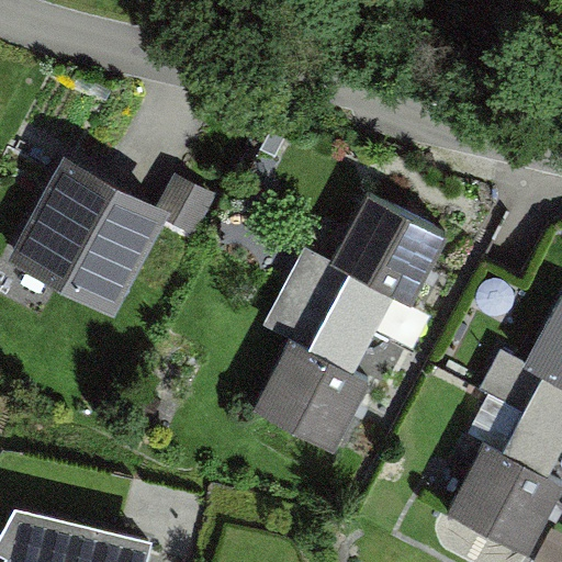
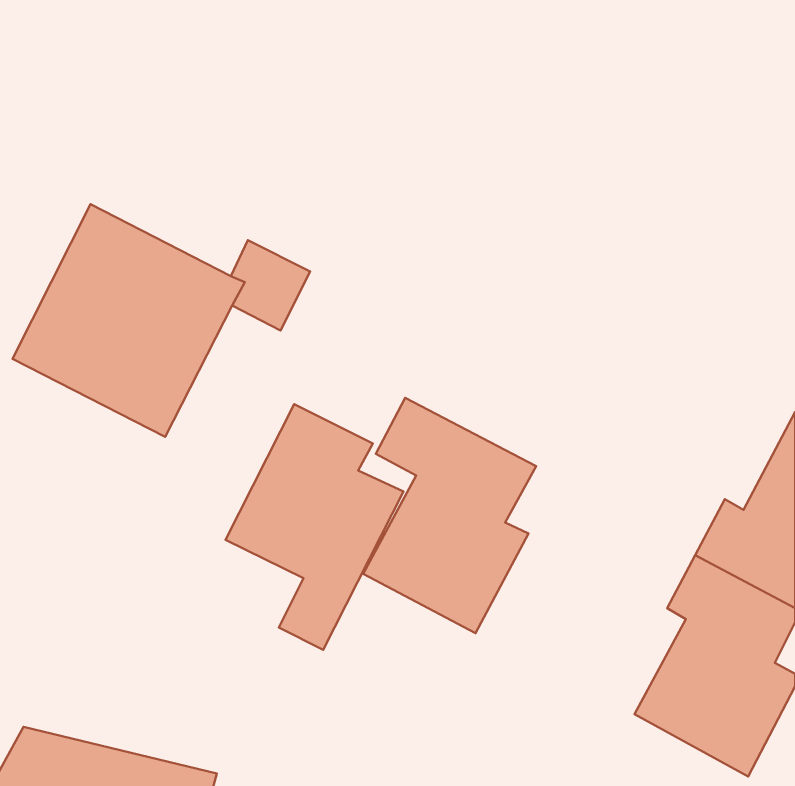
building: [285,199,448,336] -> none
building: none -> [225,404,403,650]

